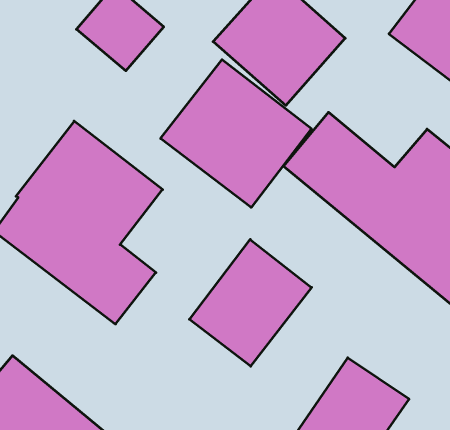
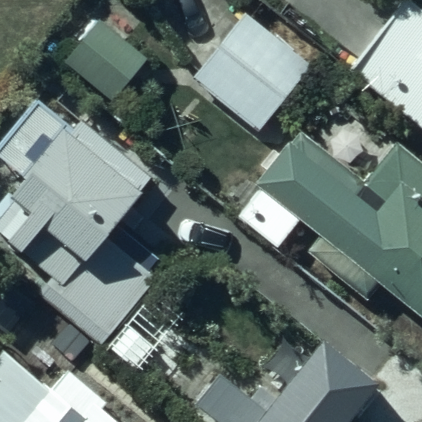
building: [161,60,311,207] -> none
building: [189,239,312,366] -> none

